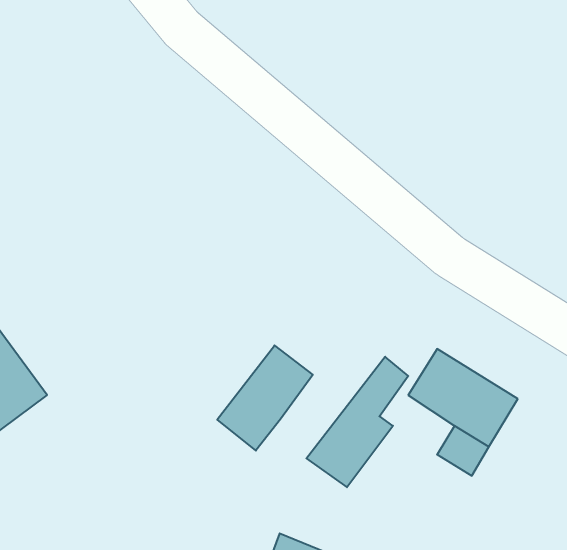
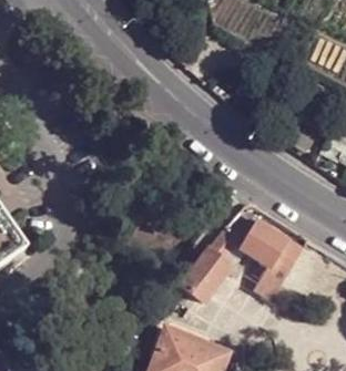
building: [217,345,313,451] -> none

